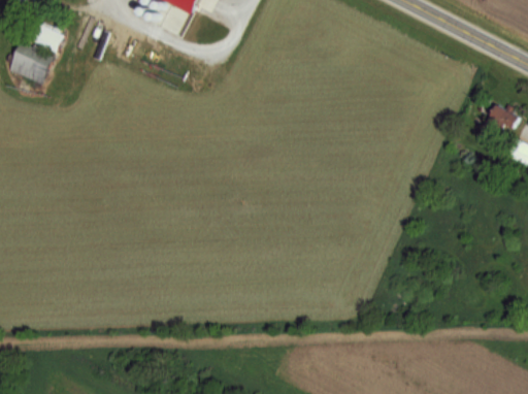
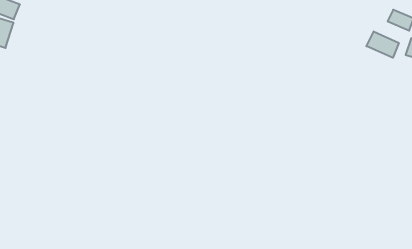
building: none -> [366,31,399,58]

